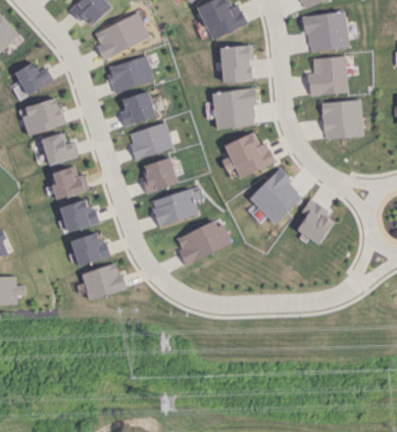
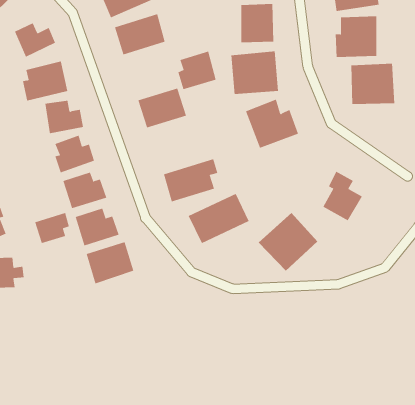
building: [119,91,155,127] -> [177,51,217,90]
building: [141,158,177,191] -> none
building: [248,170,303,224] -> [258,212,318,272]
building: none -> [34,212,69,244]

